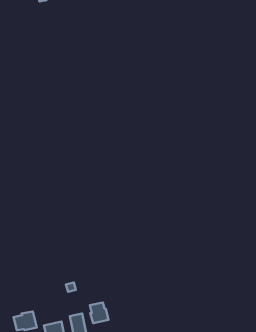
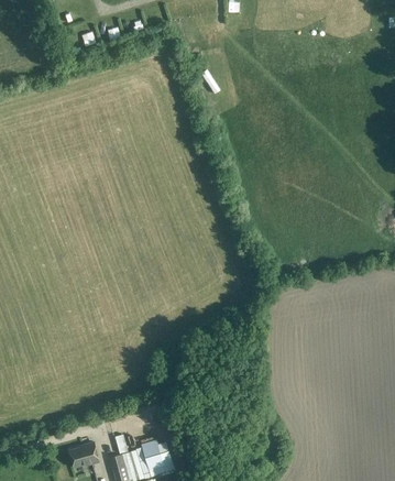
building: [90,302,109,323] -> none

